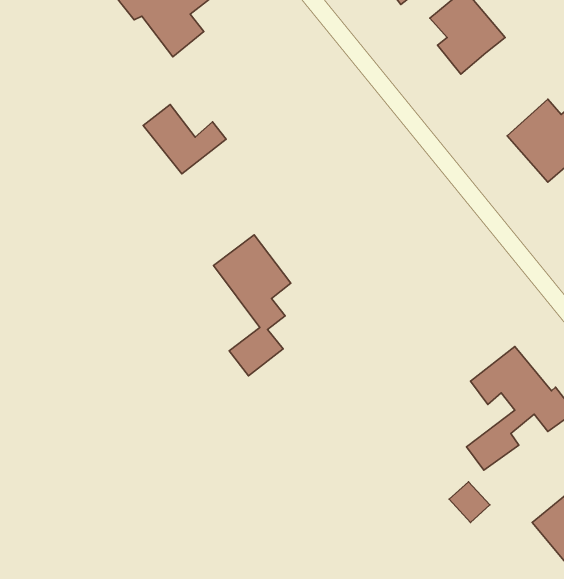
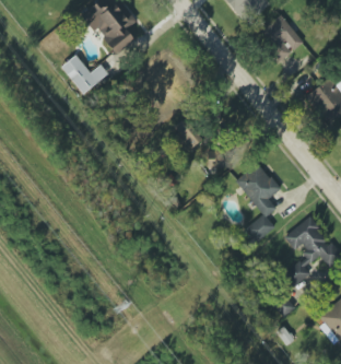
building: [143,104,226,174] -> [61,54,108,93]
building: [214,235,291,376] -> [236,162,280,242]

